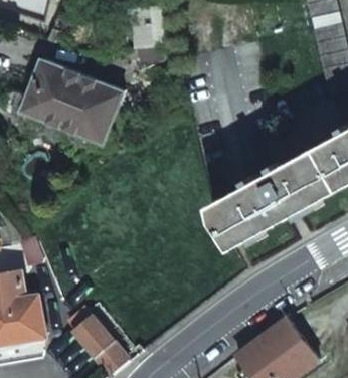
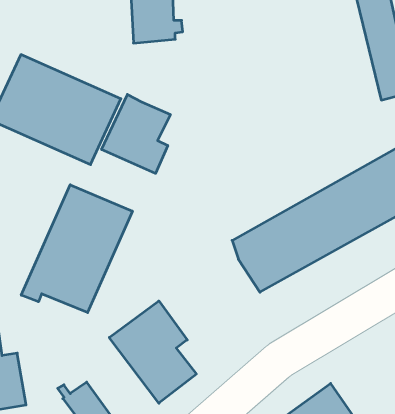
building: none -> [102,94,170,173]
building: none -> [21,185,132,313]
building: none -> [109,301,196,403]

